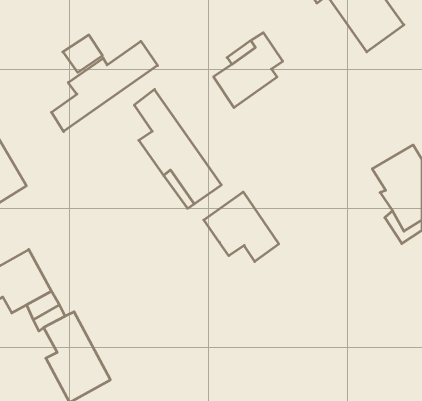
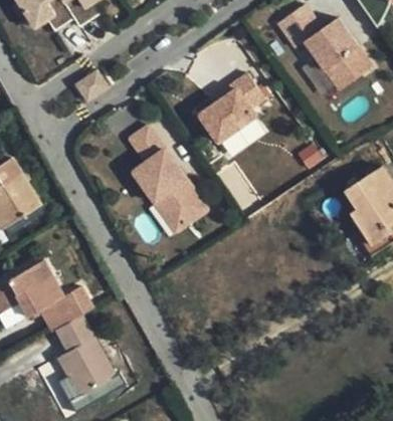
building: [51,41,158,132] -> none
building: [204,192,279,262] -> none

